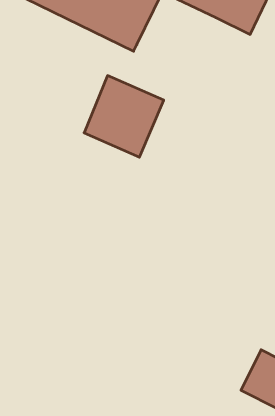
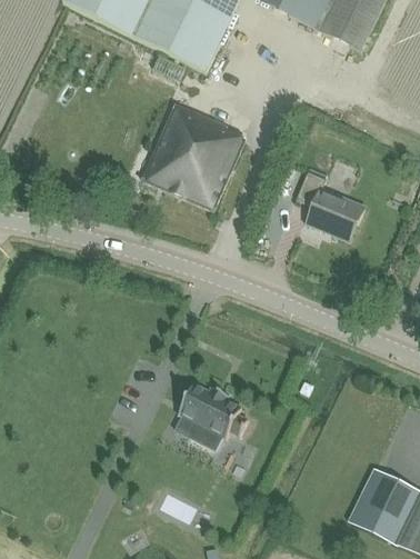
building: none -> [294,170,364,241]
building: none -> [178,382,248,449]

